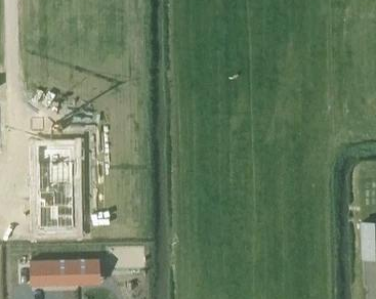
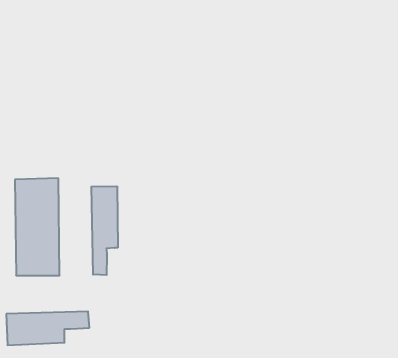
building: none -> [91,186,118,275]

